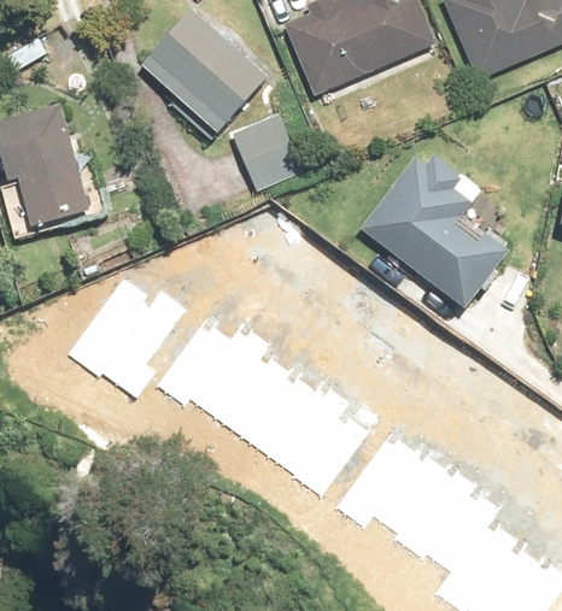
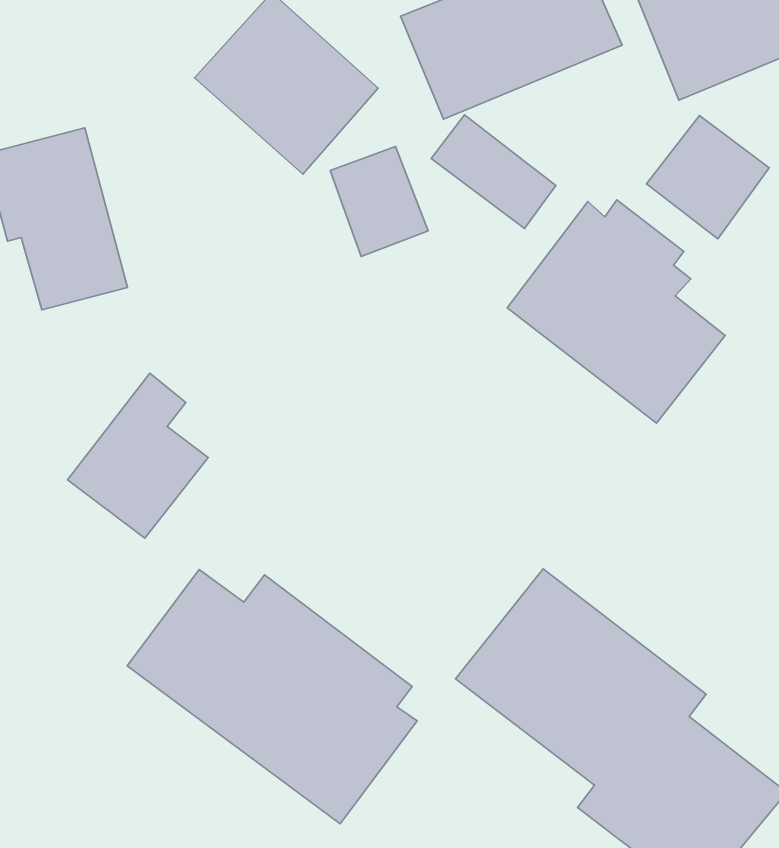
building: none -> [431,115,556,228]
building: none -> [647,115,769,239]
building: [147,300,351,478] -> [127,570,417,824]

